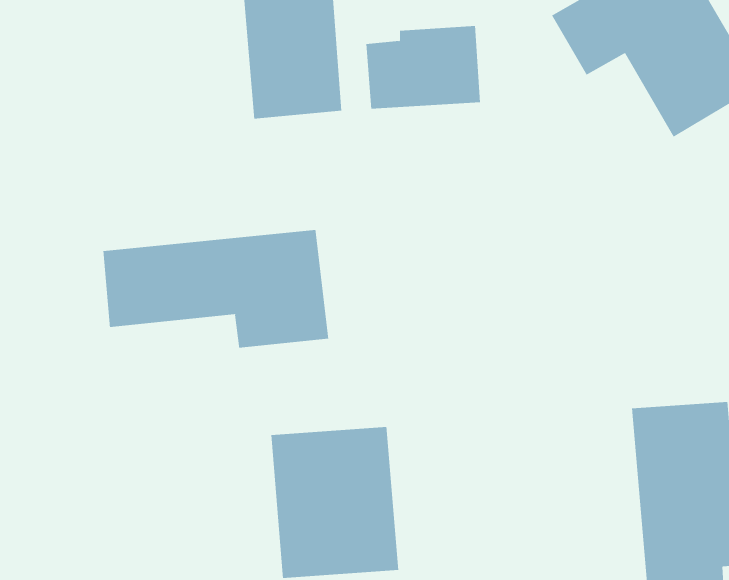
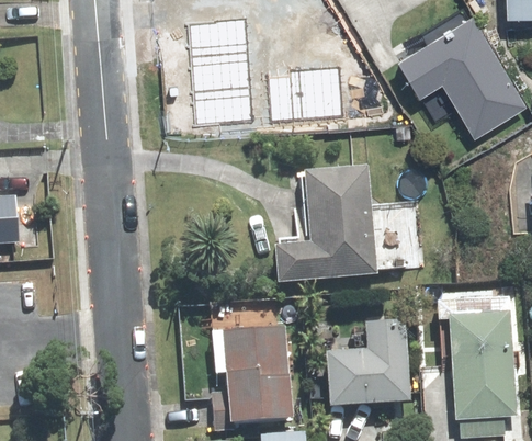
building: none -> [270,165,377,285]
building: [103,229,329,348] -> none
building: none -> [319,320,410,408]

